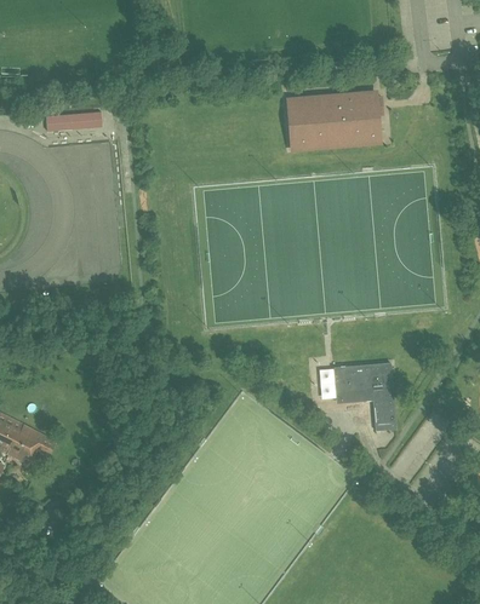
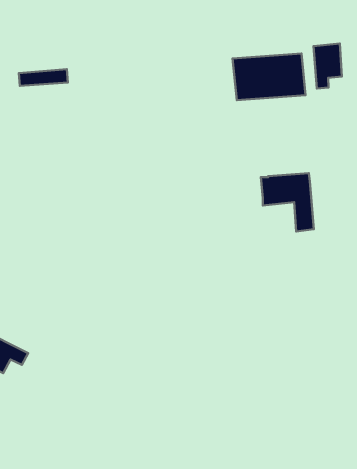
building: none -> [313,44,342,89]
building: [333,363,395,431] -> [261,173,314,231]

